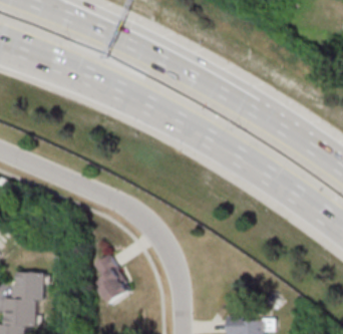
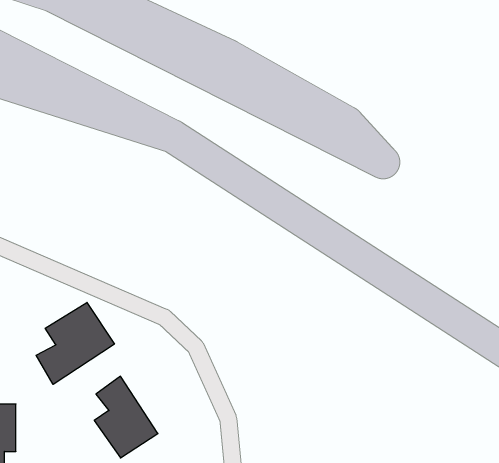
building: none -> [36,302,114,384]

